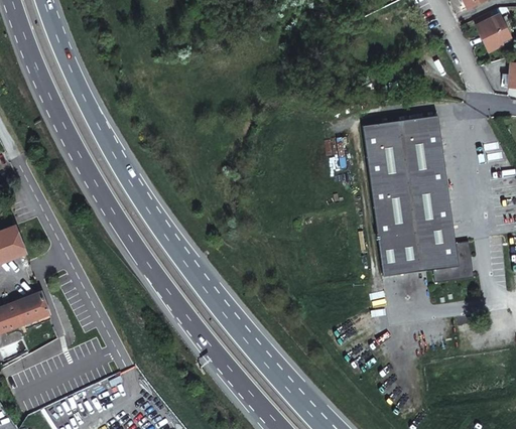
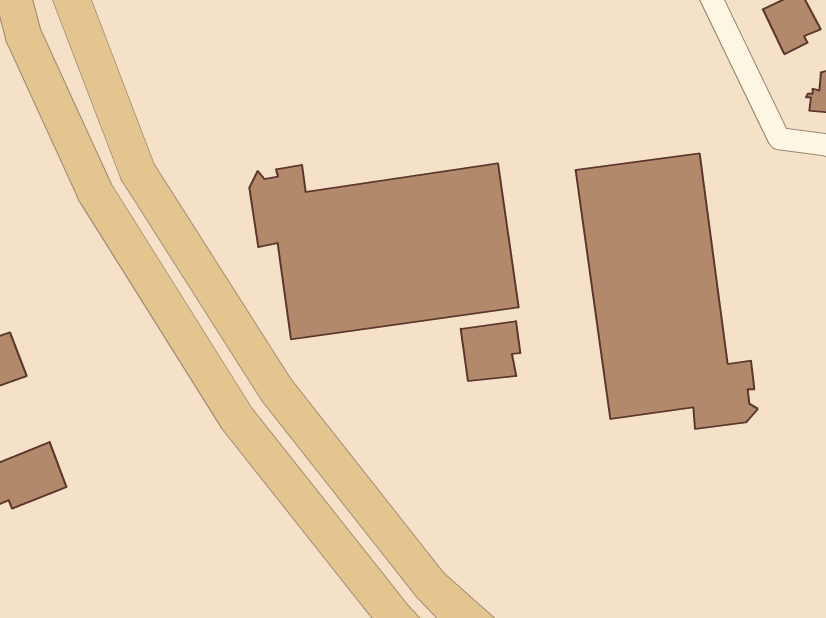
building: none -> [250,163,519,339]
building: none -> [461,321,520,381]

